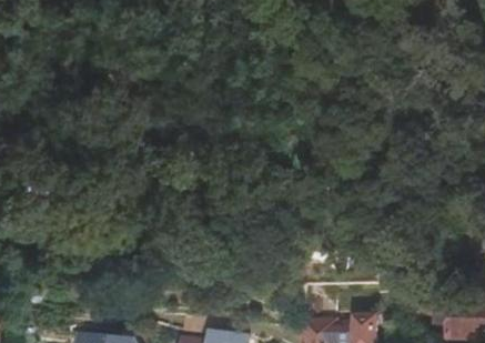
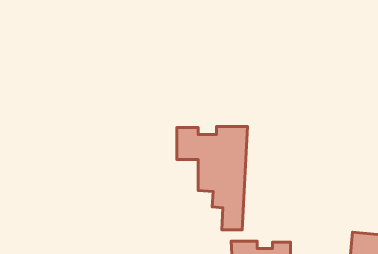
building: none -> [177,126,247,230]

